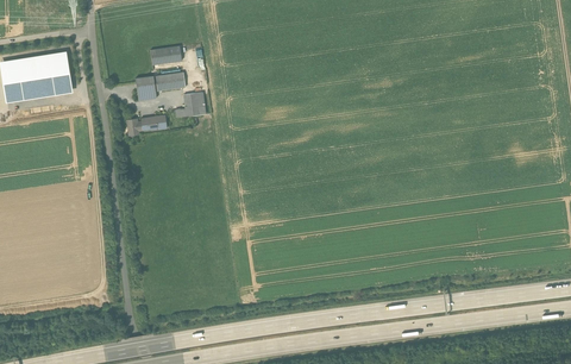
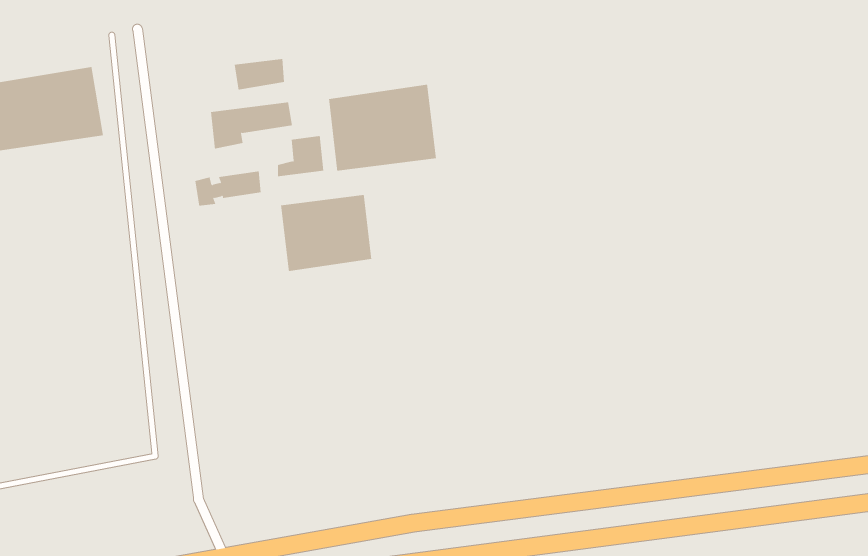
building: none -> [328,84,437,171]
building: none -> [280,194,372,272]

